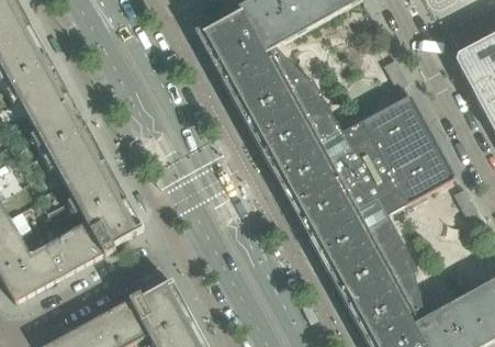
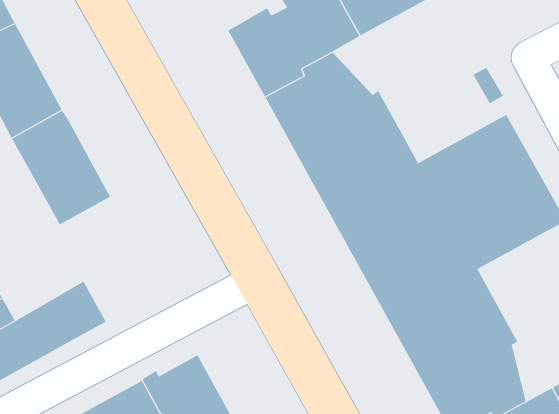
building: [47,157,143,254] -> none

